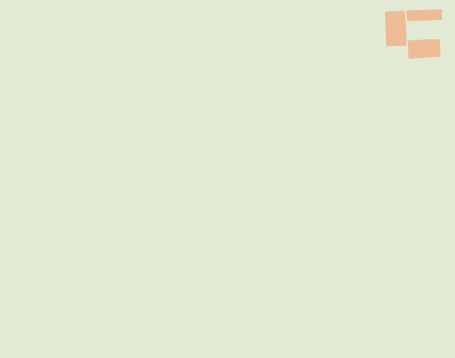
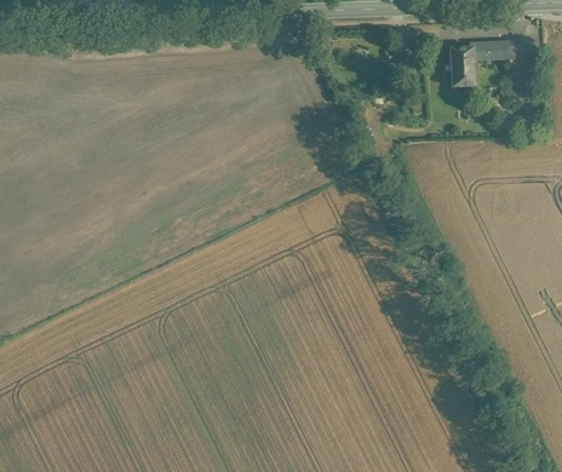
building: [407,38,441,59] -> none

